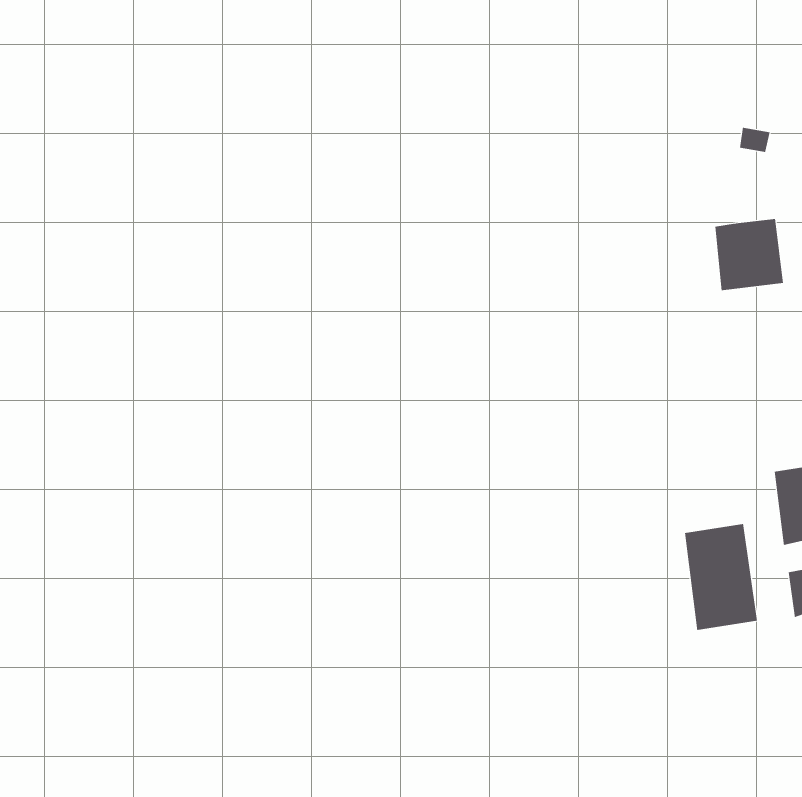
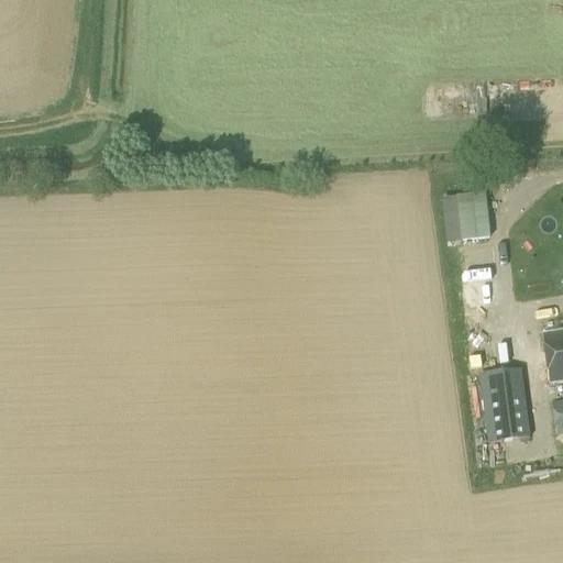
building: [715,219,784,291] -> [442,190,490,241]

